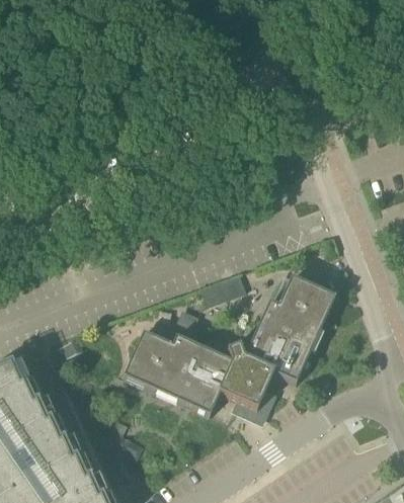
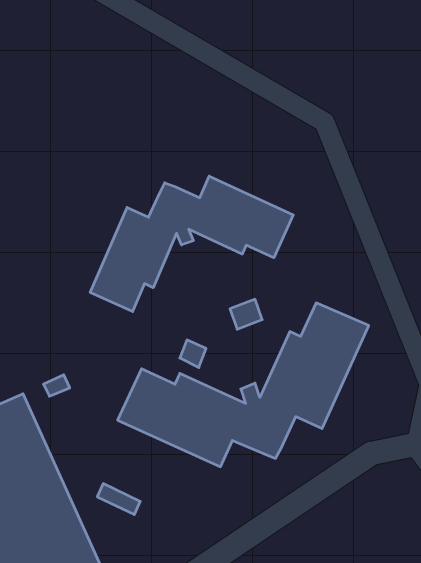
building: none -> [90,176,293,312]

